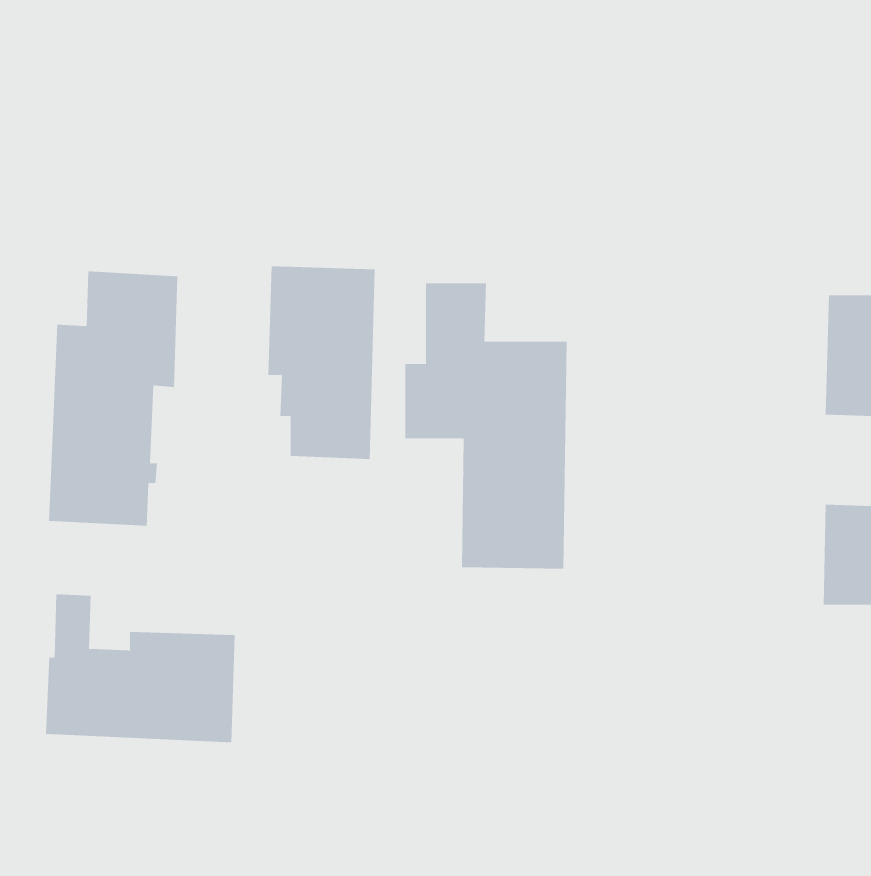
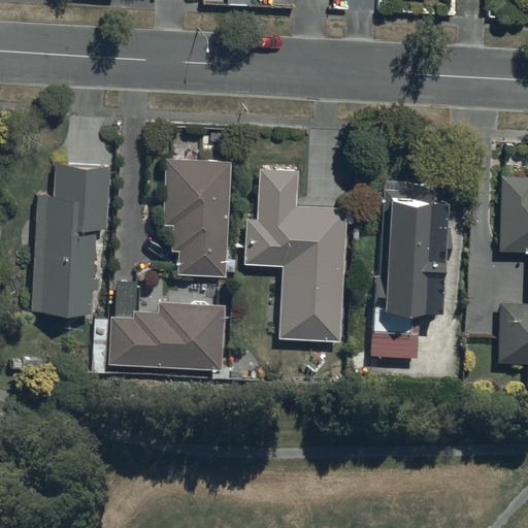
building: none -> [366,184,447,359]
building: [45,594,235,743] -> [109,279,224,369]

